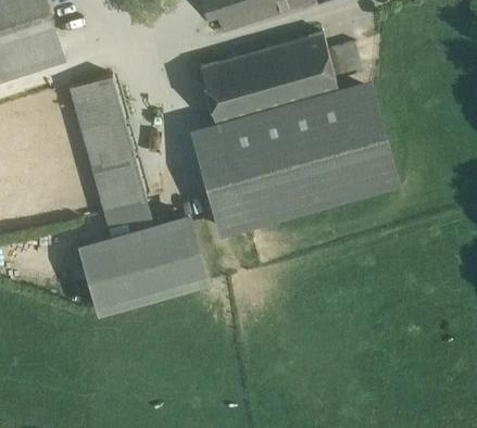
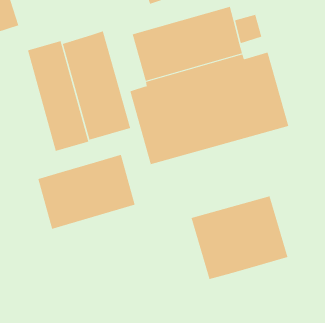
building: none -> [62,31,131,140]
building: [105,201,154,238] -> none
building: none -> [191,195,288,280]

